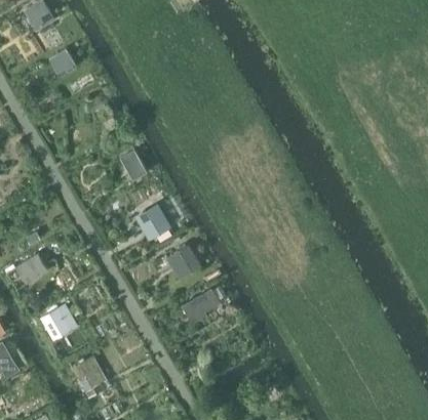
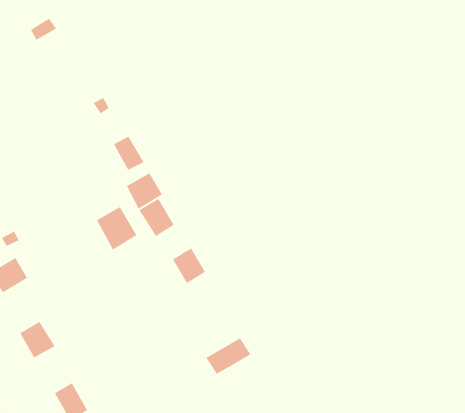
building: none -> [126,172,163,209]
building: none -> [96,206,137,250]
building: [183,287,222,319] -> [205,337,251,375]

